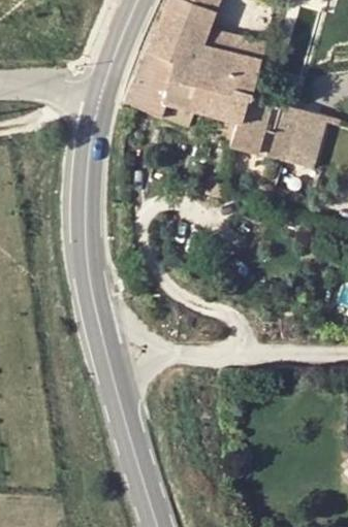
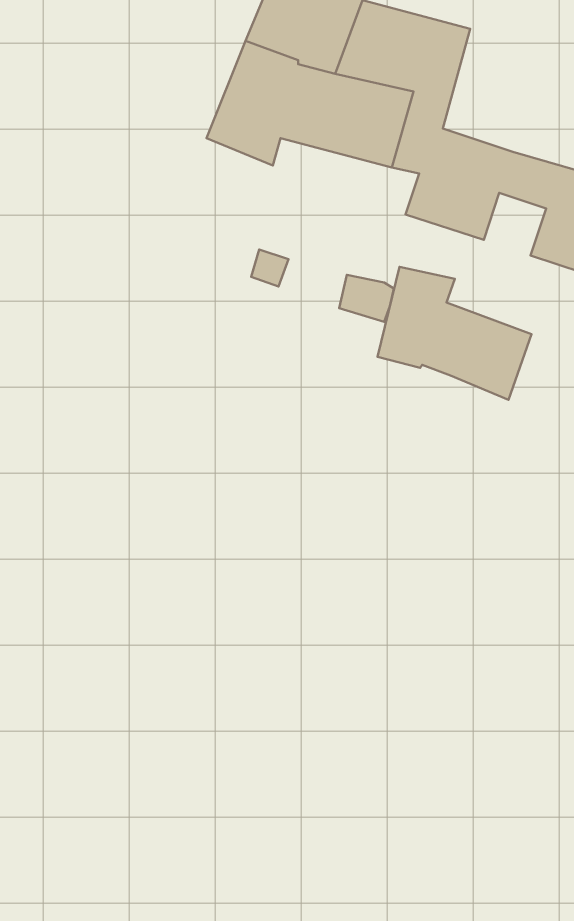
building: none -> [377,267,531,400]

